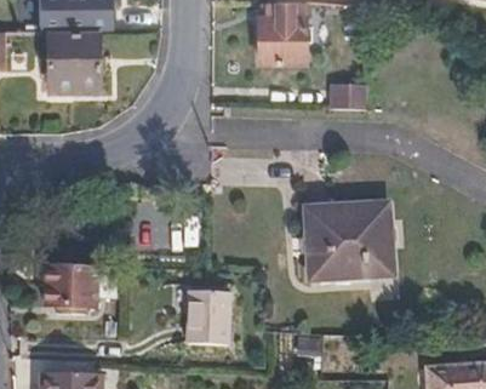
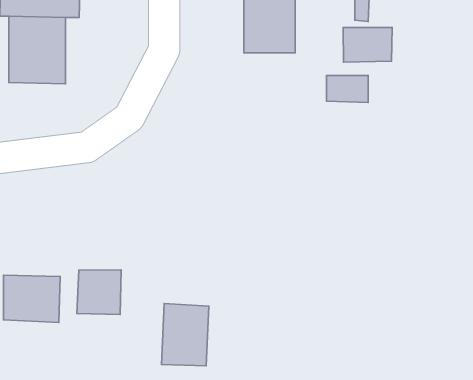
building: none -> [343,28,392,62]
building: [305,204,391,279] -> none
building: none -> [77,270,121,315]

